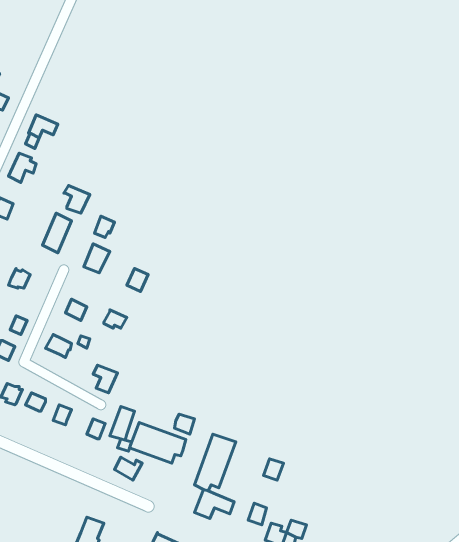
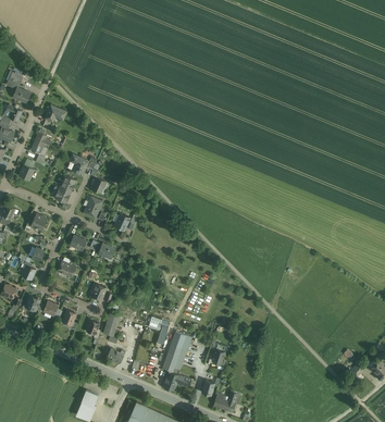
building: [129,423,186,463] -> none

